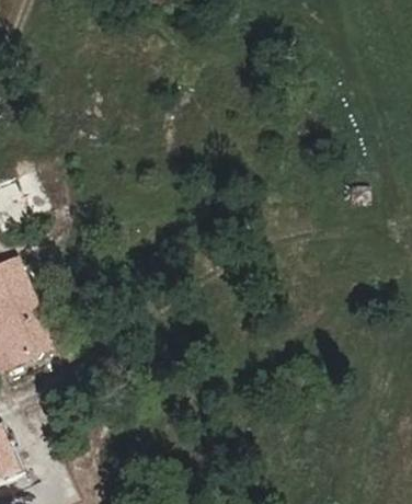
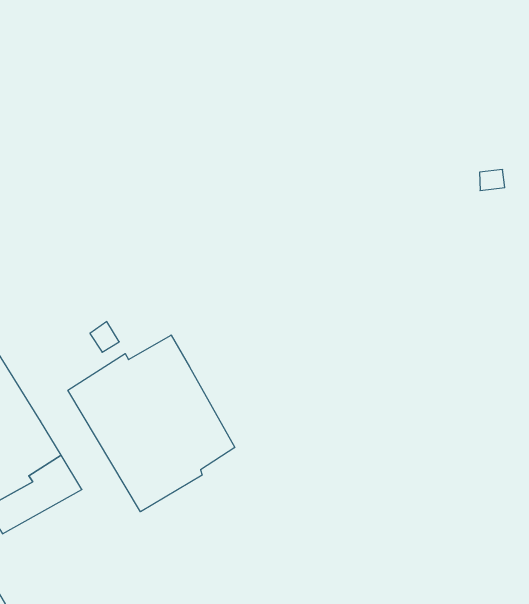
building: none -> [68,335,235,512]

